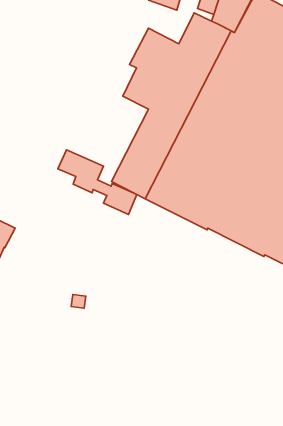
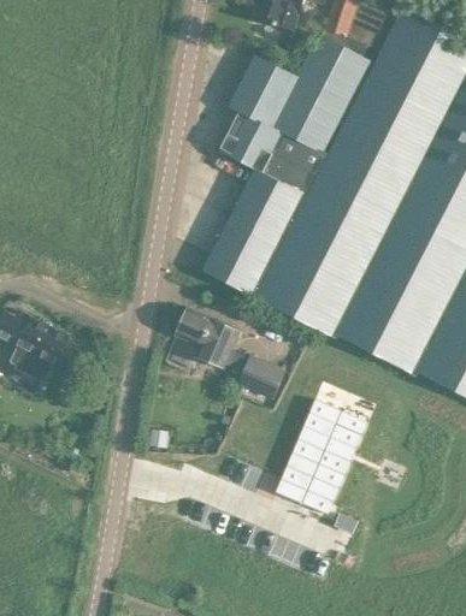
building: [58,150,137,214] -> [175,308,285,398]
building: none -> [276,399,368,515]

